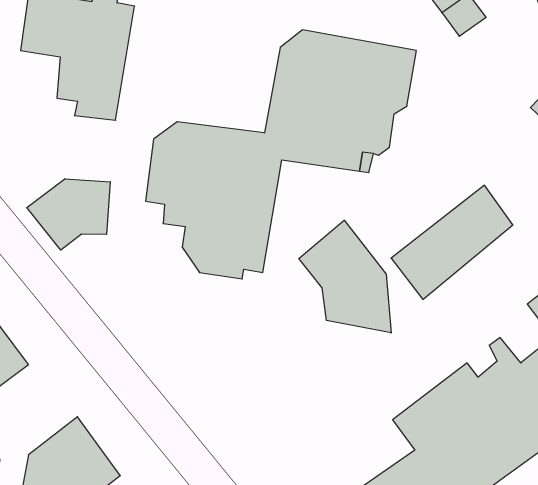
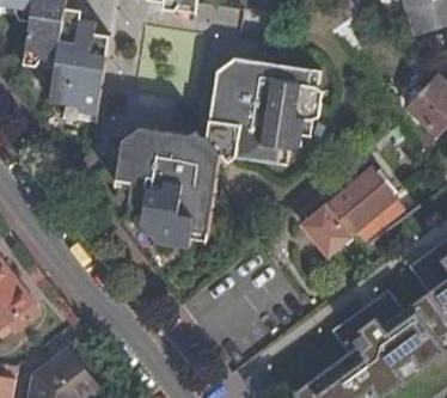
building: [27,179,110,250] -> none
building: [299,220,391,333] -> none

